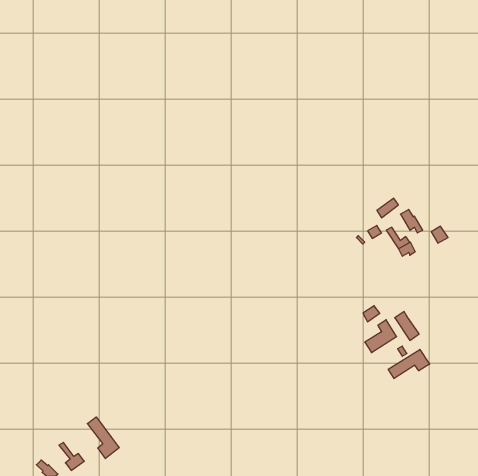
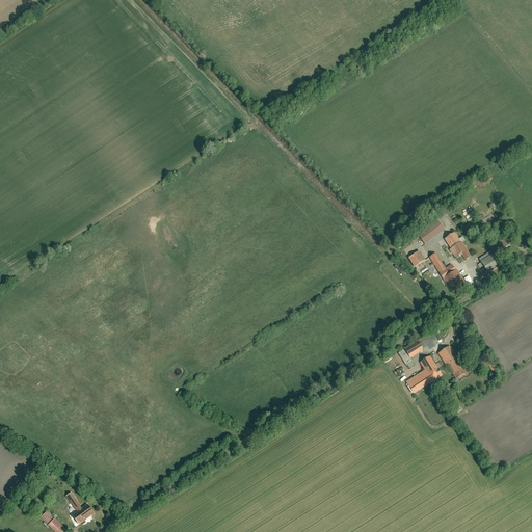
building: [388,349,430,379] -> none
building: [87,417,119,459] -> none

